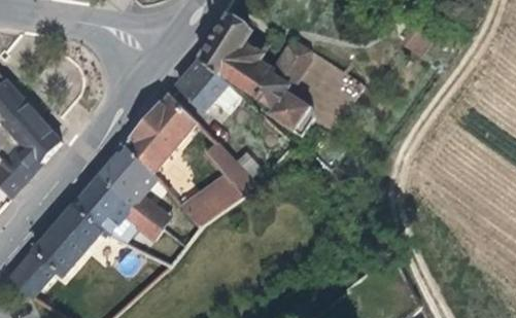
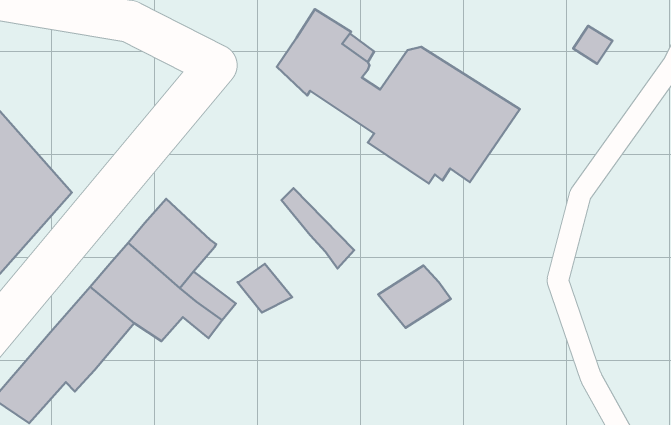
building: [176,56,240,111] -> none
building: [124,94,197,173] -> none
building: [191,170,240,212] -> [378,266,451,328]

